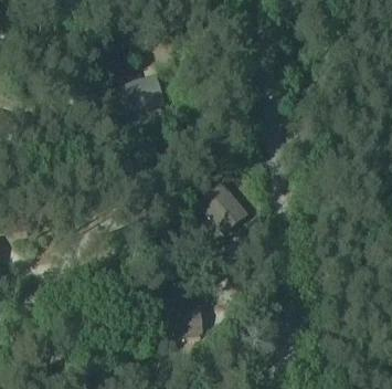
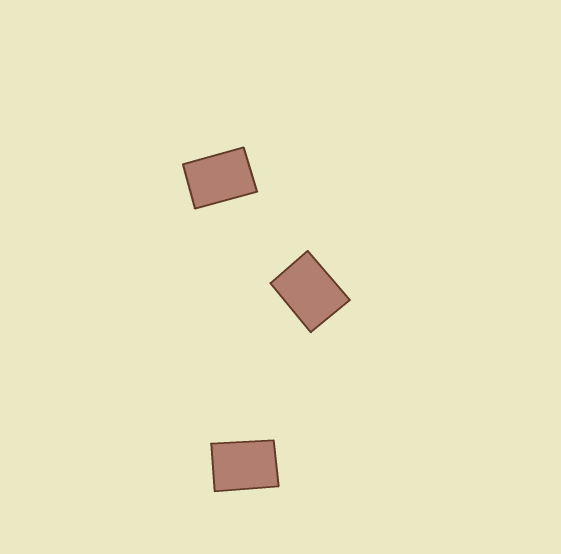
building: [116,75,165,115] -> [183,148,257,208]

